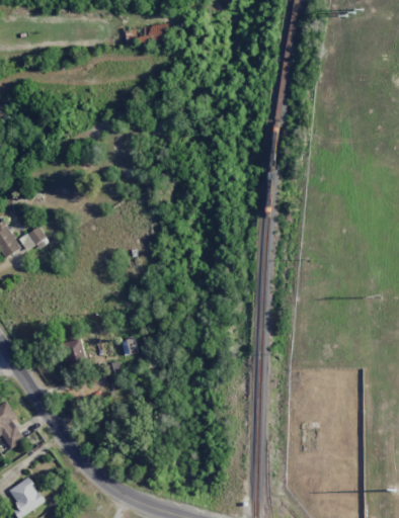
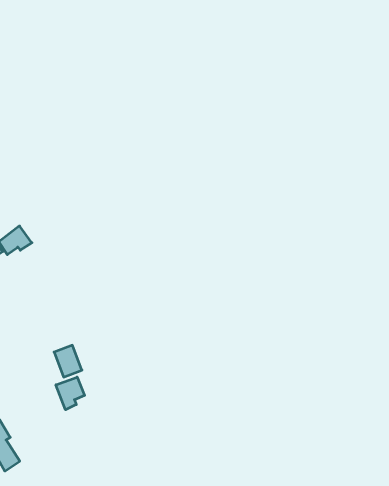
building: none -> [56,377,85,410]

